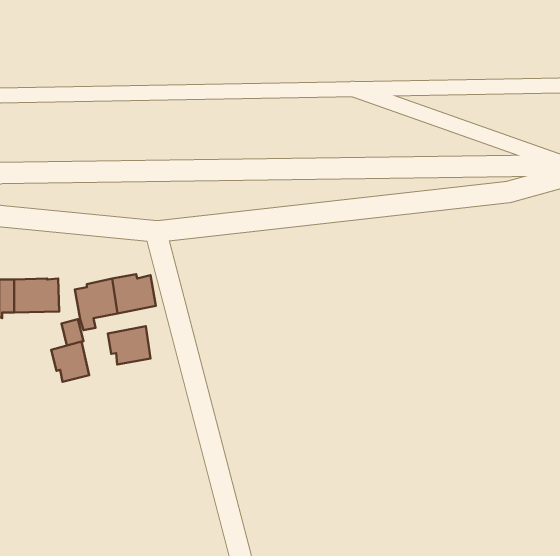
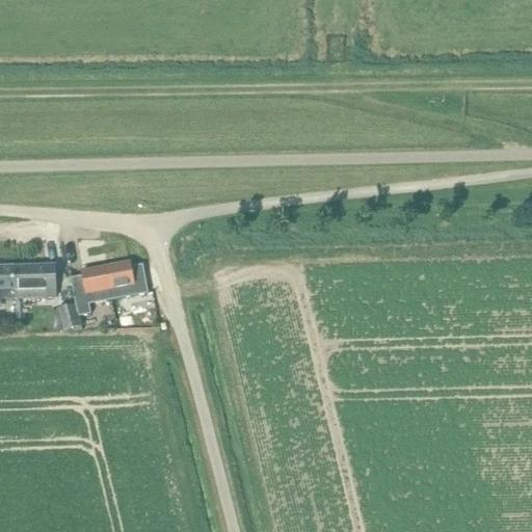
building: [108,326,151,364] -> none
building: [51,342,89,382] -> none

